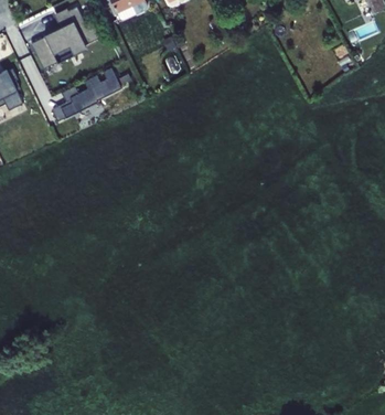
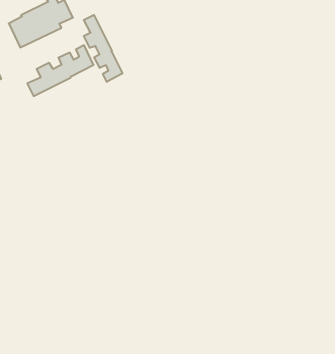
building: none -> [84,15,122,82]

